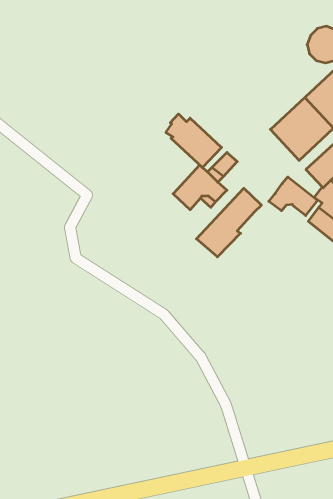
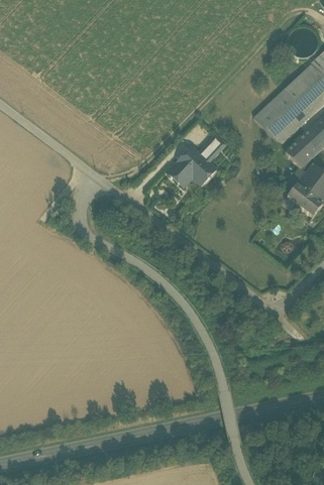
building: [166,114,222,168] -> none
building: [269,177,318,216] -> none
building: [196,188,261,257] -> none

